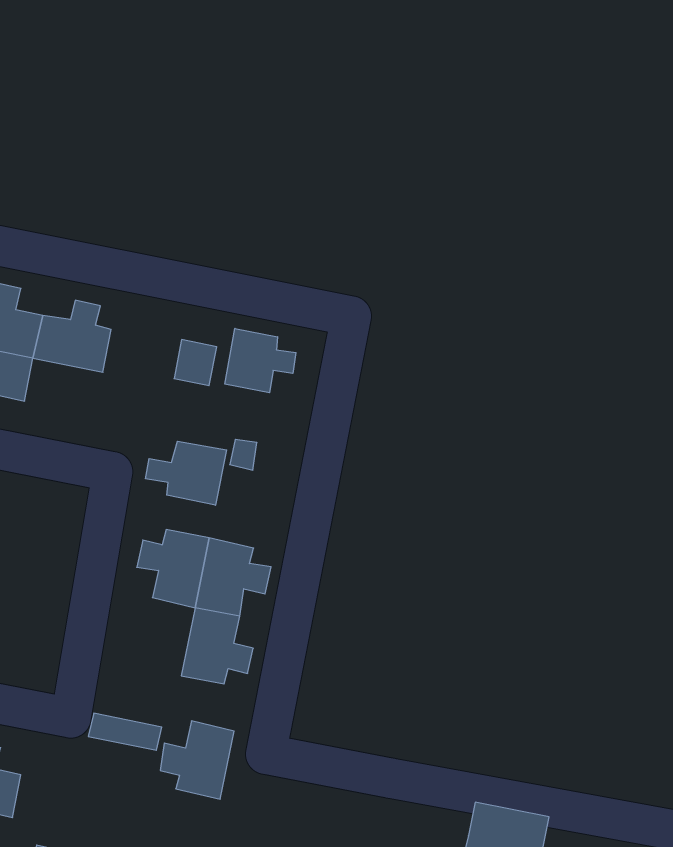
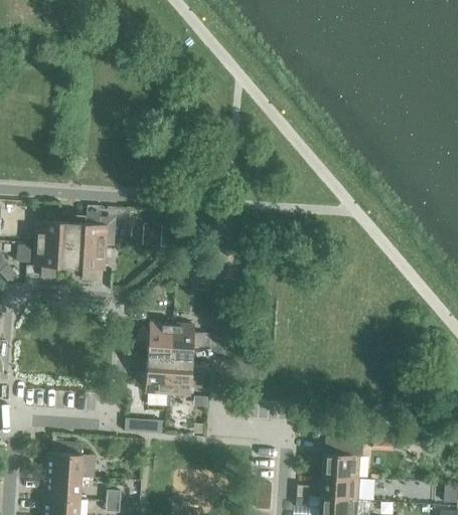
building: [225,328,296,393] -> none
building: none -> [70,246,108,281]
building: [146,441,227,505] -> none
building: [160,721,234,799] -> [137,358,171,395]

